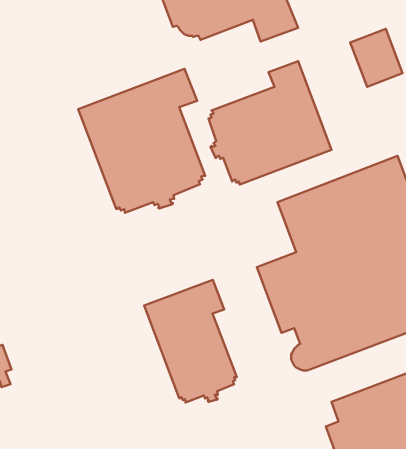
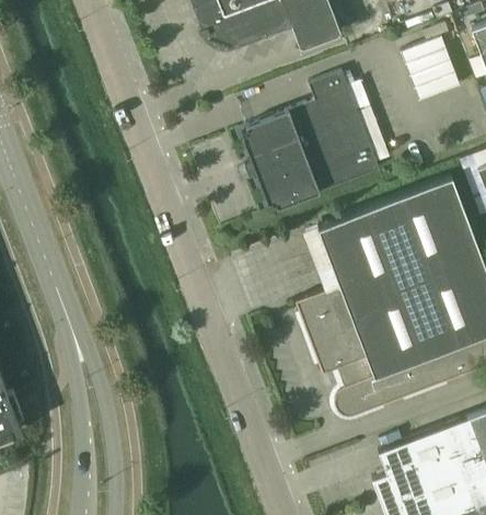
building: [78,69,205,213] -> none
building: [144,280,237,403] -> none

